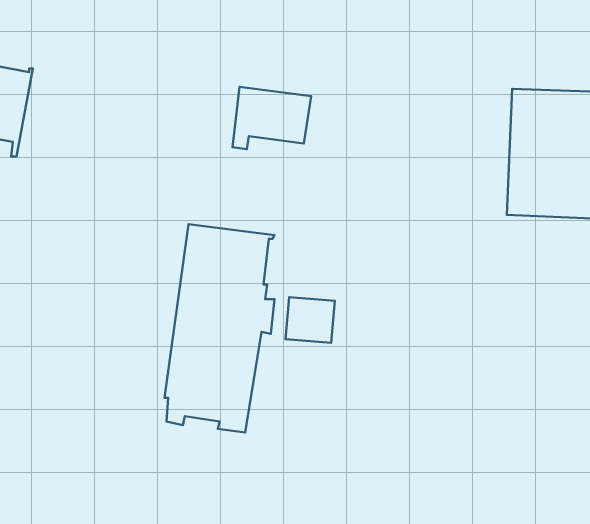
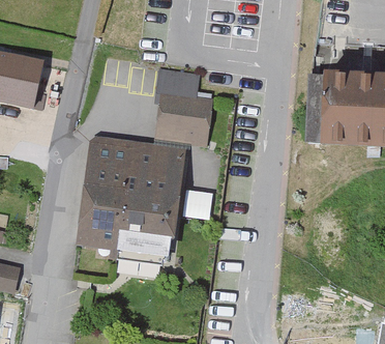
building: none -> [160,97,208,143]
building: none -> [80,143,130,246]

